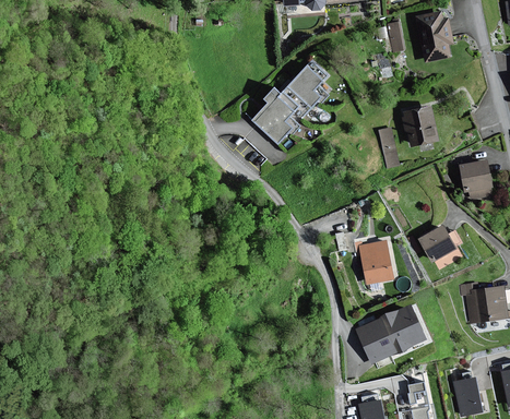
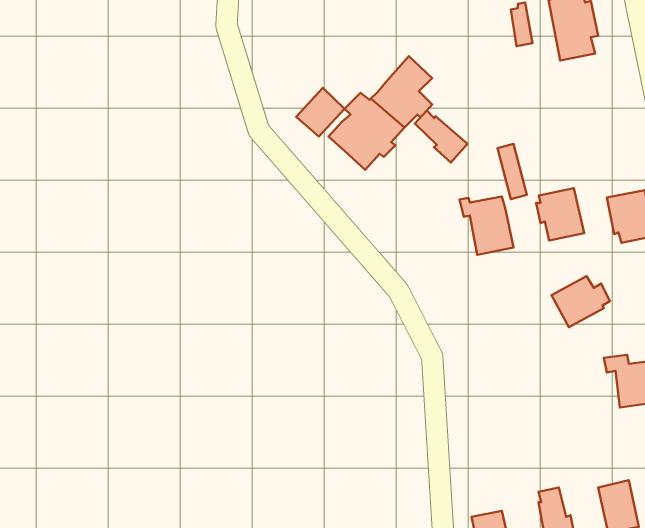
building: none -> [296,88,345,136]
building: none -> [415,111,467,162]
building: [402,106,438,145] -> [536,188,584,241]
building: [354,240,394,284] -> [460,197,513,255]
building: [356,304,426,362] -> none

